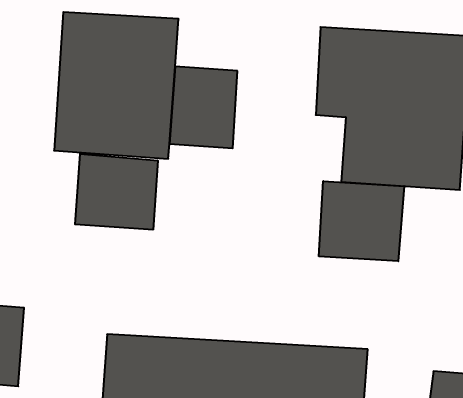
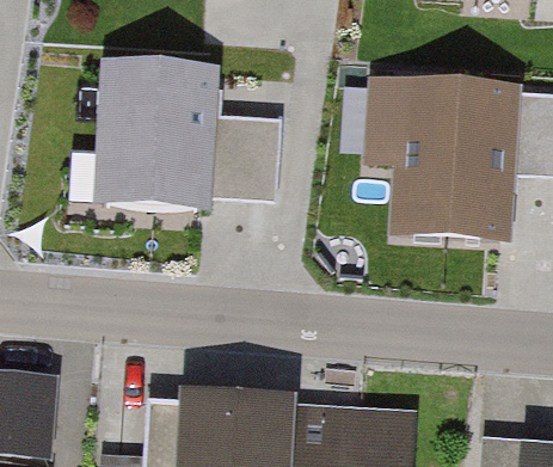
building: [75,154,158,230] -> none
building: [319,181,404,261] -> none

